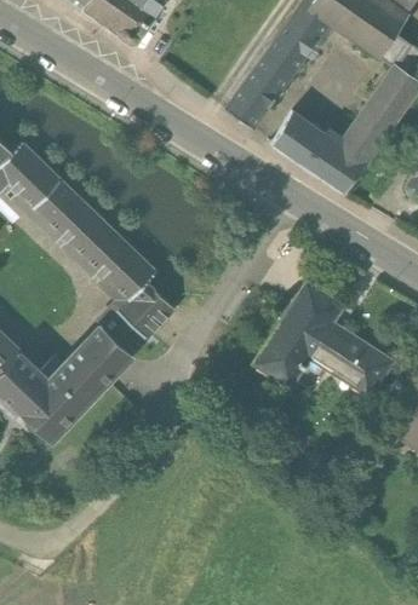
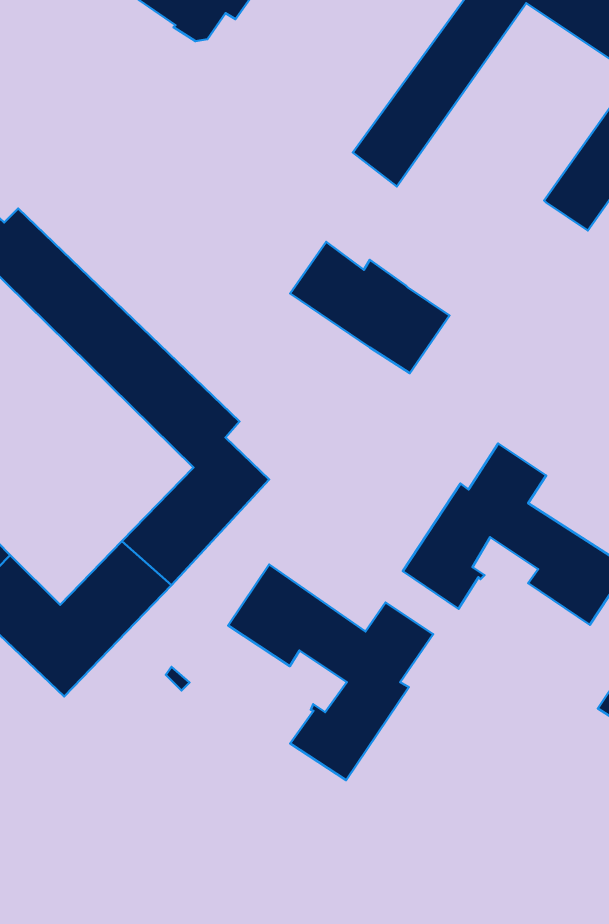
building: [271,113,368,192] -> [290,242,450,373]
building: none -> [228,564,433,780]

